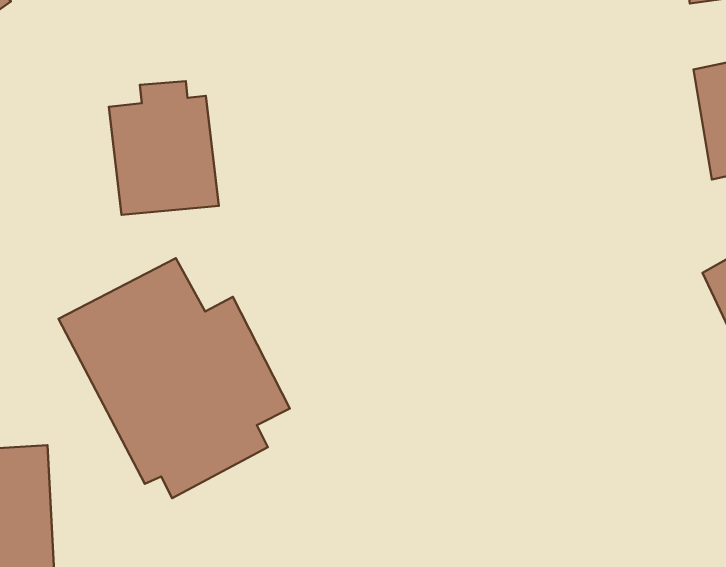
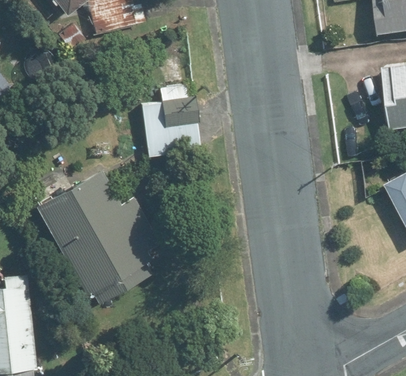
building: [109,81,219,215] -> [141,84,201,157]

